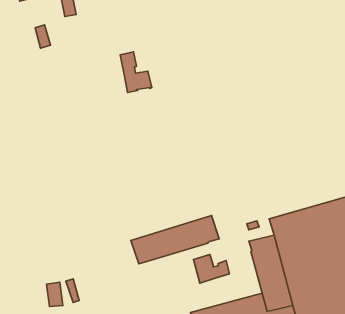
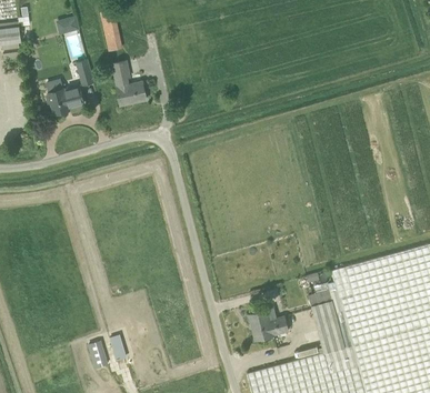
building: none -> [47,87,84,115]
building: [120,52,152,93] -> [112,61,147,105]
building: [131,216,219,264] -> none

